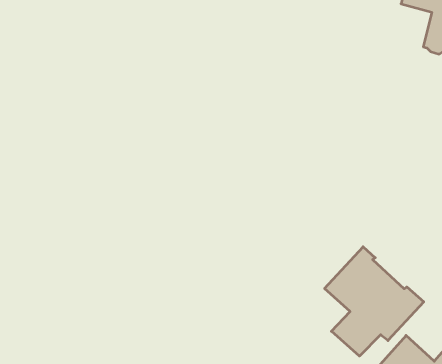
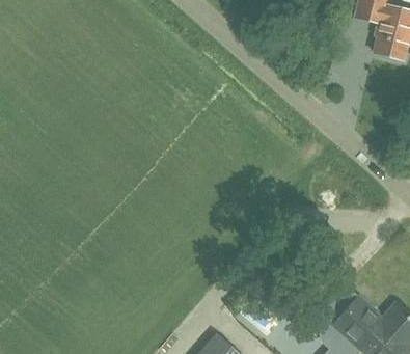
building: [325,247,424,356] -> none

